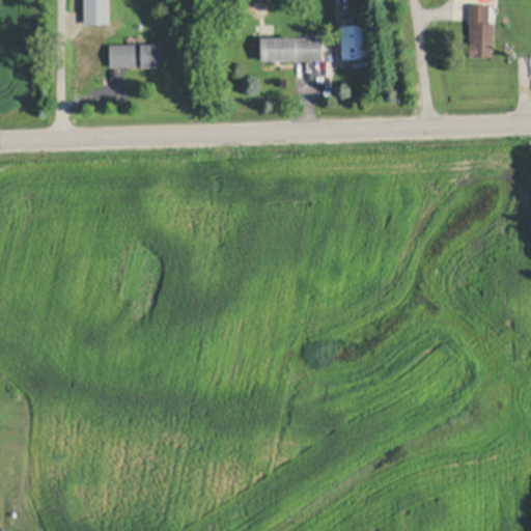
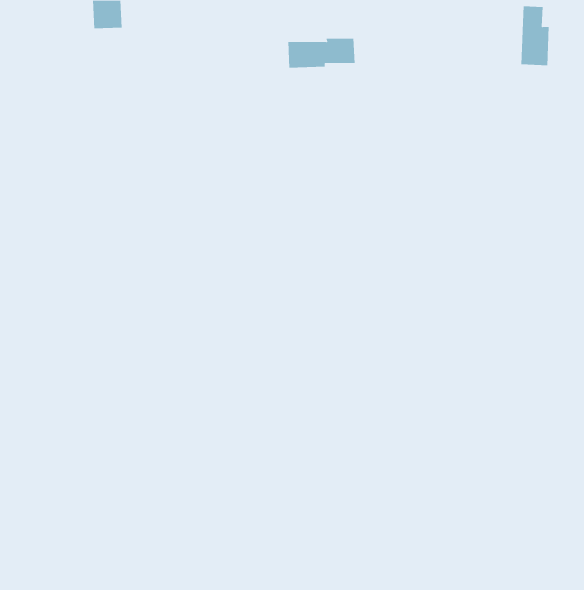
building: [338,25,366,67] -> none
building: [107,44,158,67] -> none

